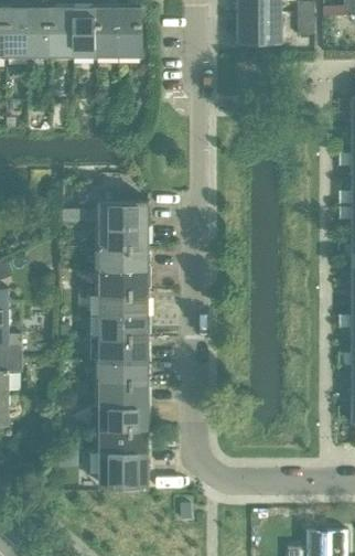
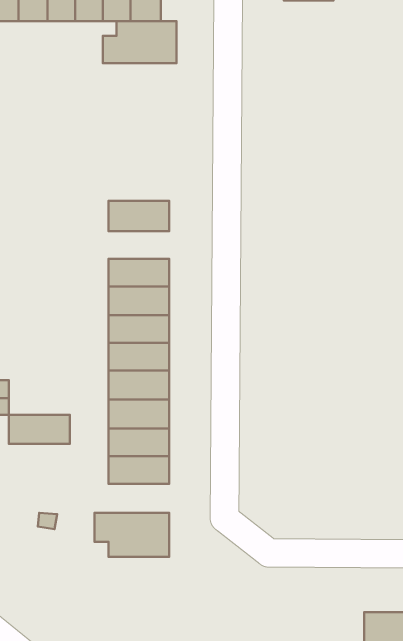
building: none -> [103,21,177,63]
building: [100,225,149,247] -> none
building: [100,427,149,450] -> [9,415,70,444]

